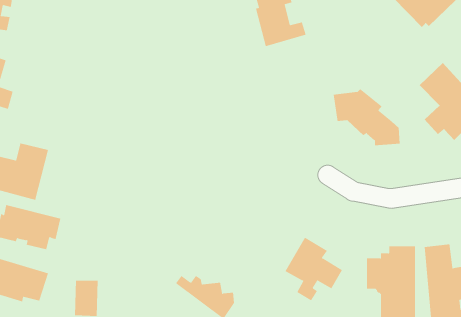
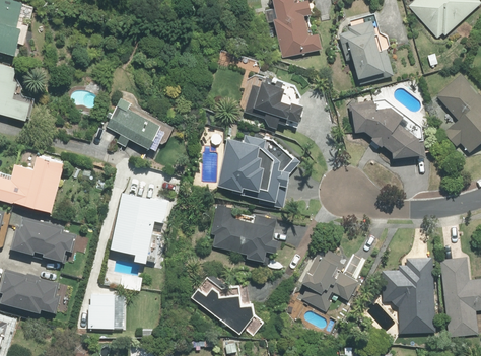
building: none -> [339,19,395,86]
building: none -> [244,77,302,127]
building: none -> [107,98,166,150]
building: none -> [219,137,297,206]
building: none -> [111,193,170,263]
building: none -> [209,203,278,261]

